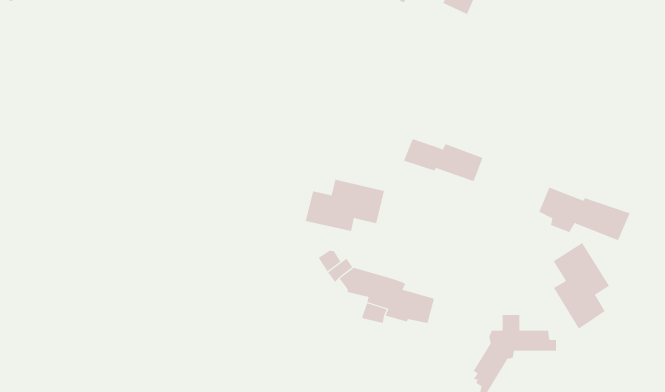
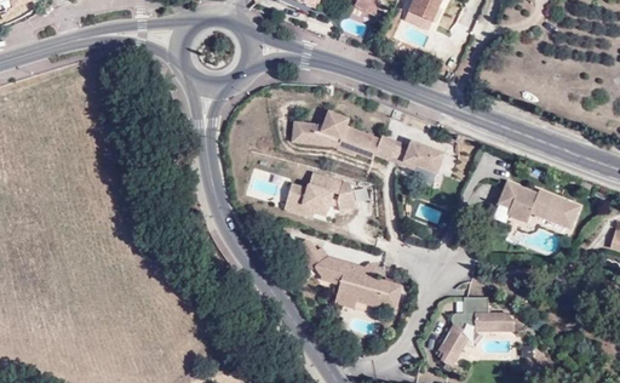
building: none -> [292,112,380,160]
building: [553,242,610,329] -> none

